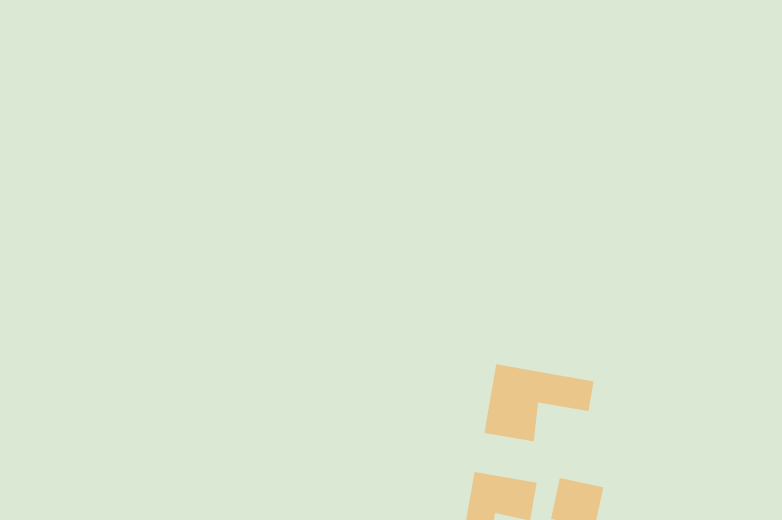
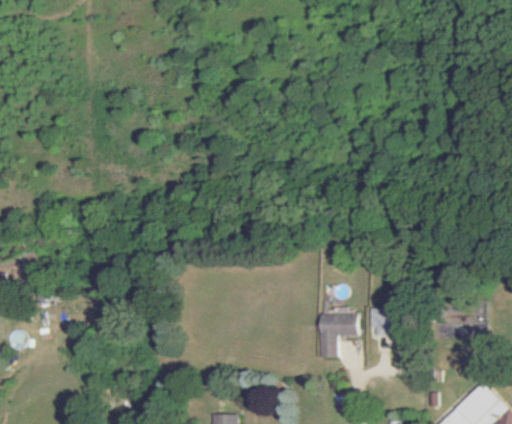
building: [484,364,594,442] -> none

